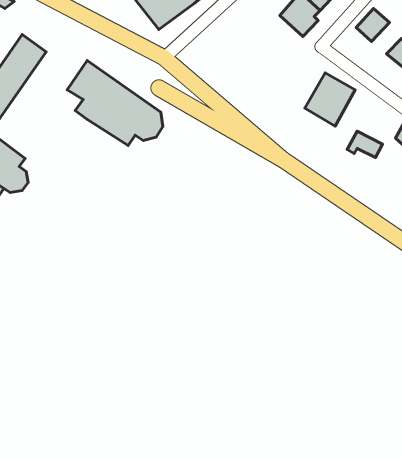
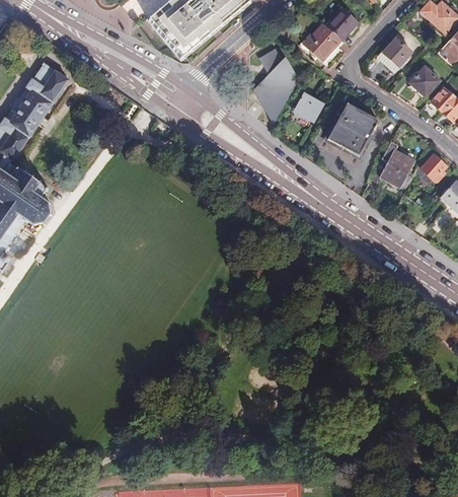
building: none -> [255,49,293,116]
building: [67,61,163,146] -> none
building: none -> [293,93,323,122]
building: none -> [380,141,413,173]

